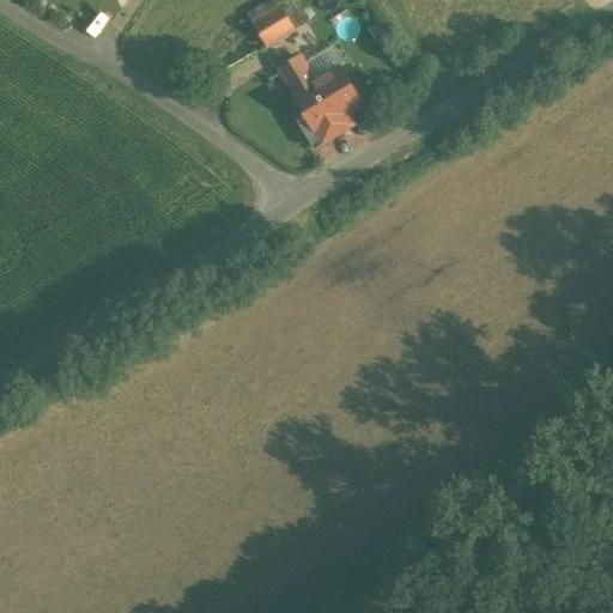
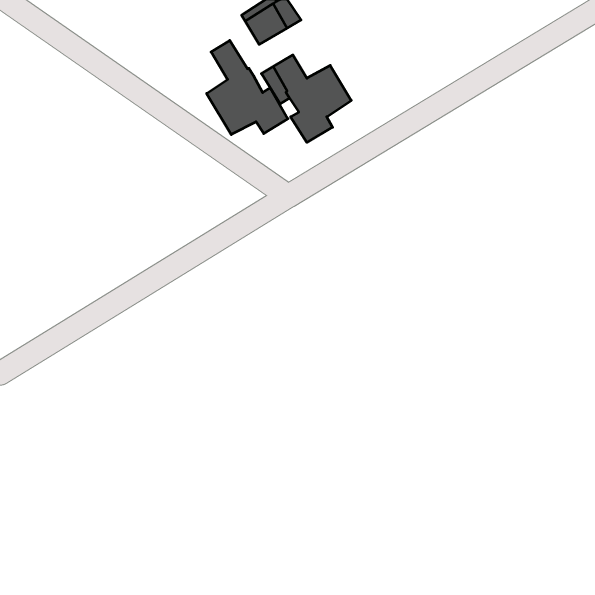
building: none -> [207,40,288,135]

